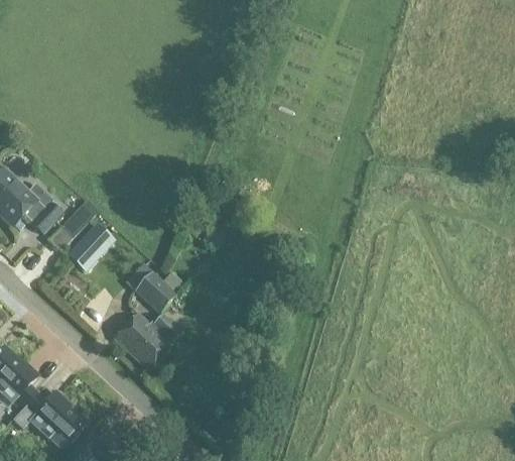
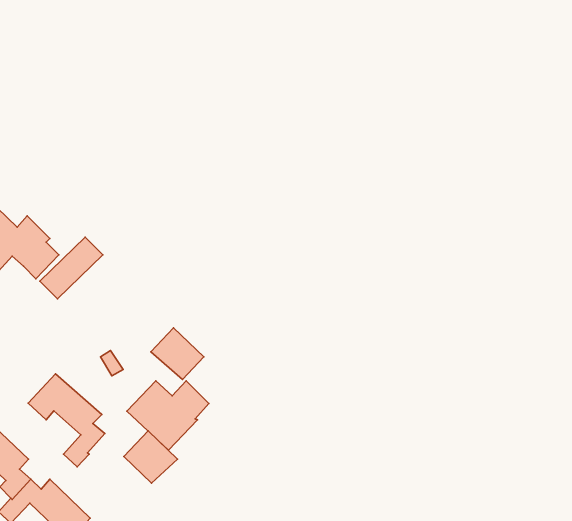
building: [70,227,108,270] -> none
building: none -> [28,374,105,467]
building: none -> [124,431,177,483]

